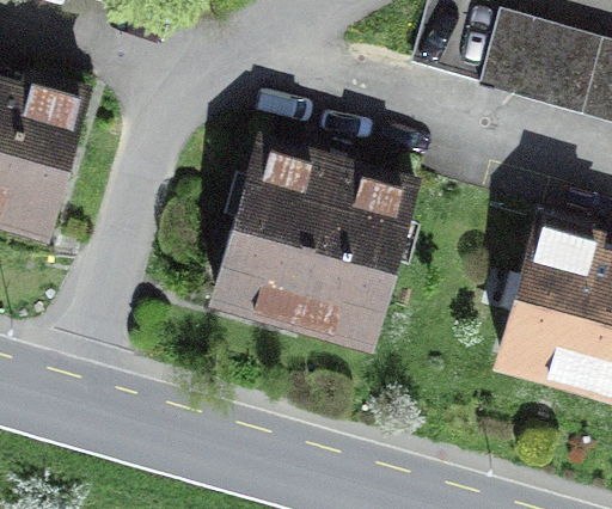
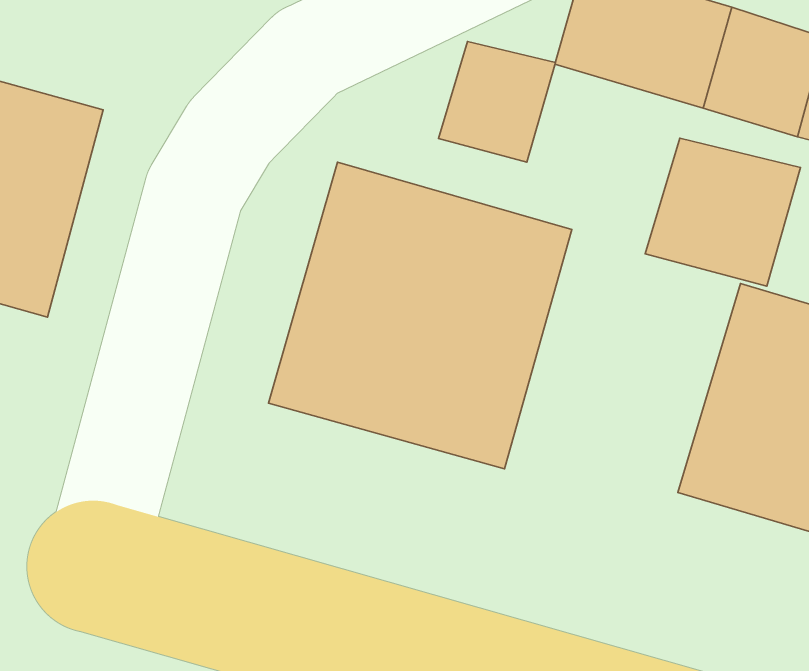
building: none -> [439,41,555,162]
building: none -> [645,138,800,286]

